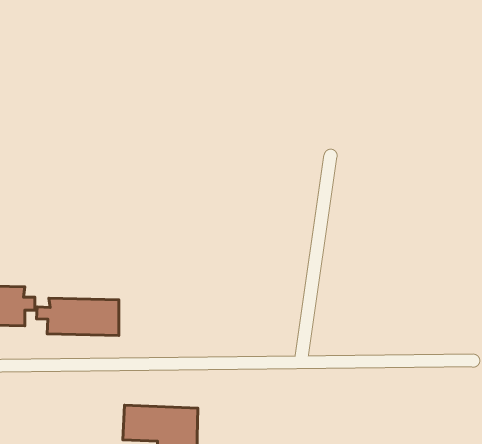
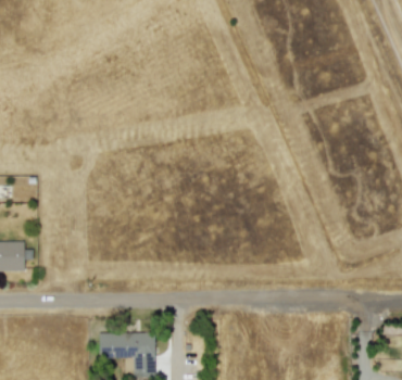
building: [37,298,119,335] -> none

